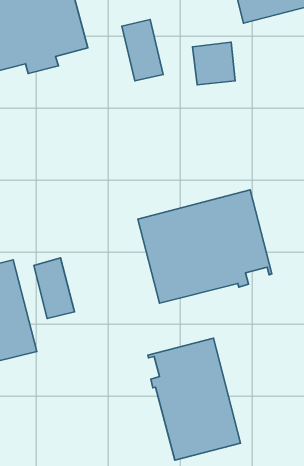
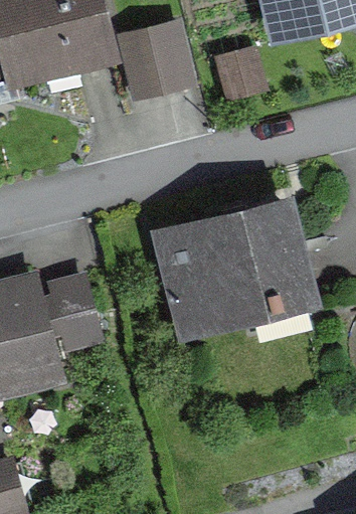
building: [148,338,241,460] -> none

